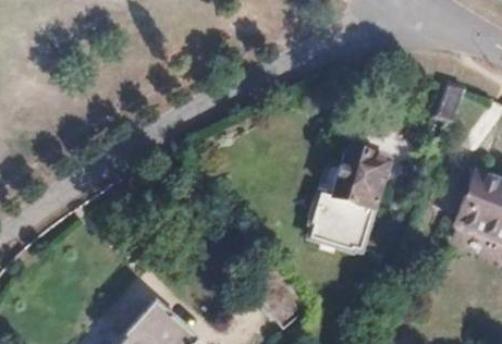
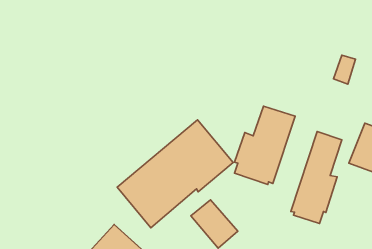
building: none -> [117,120,233,228]
building: none -> [291,132,342,224]

